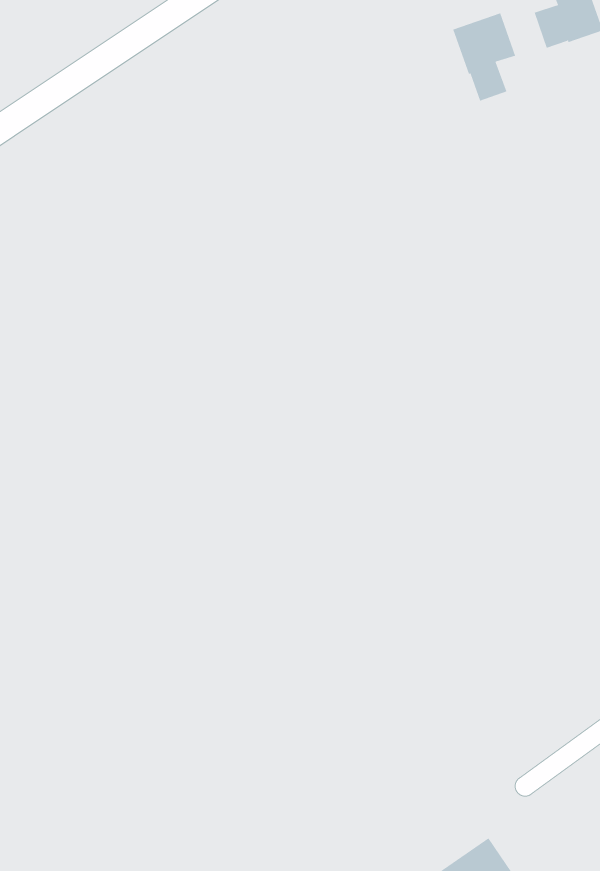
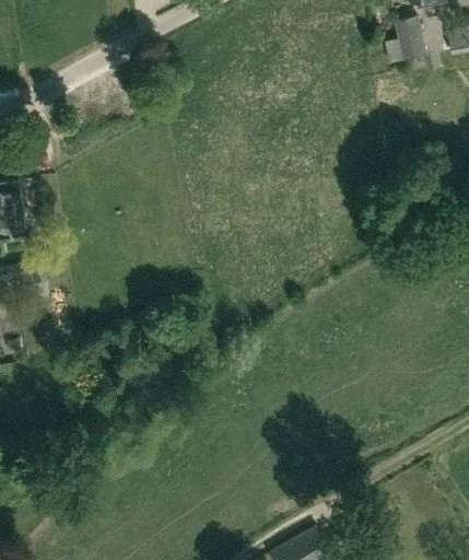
building: [453,12,516,102] -> none

